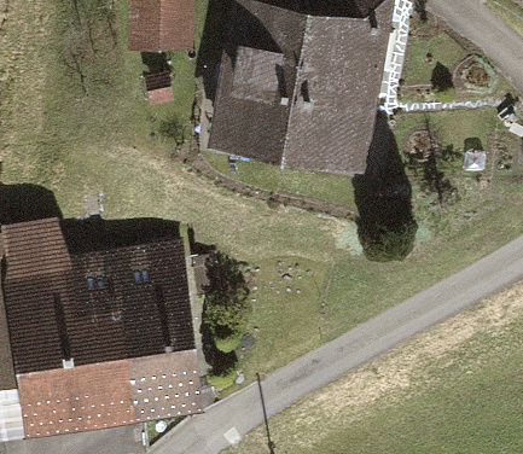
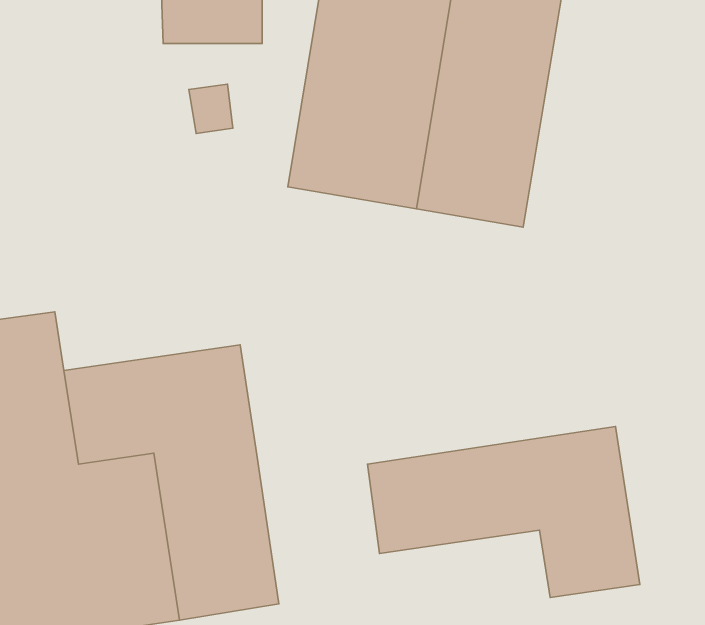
building: none -> [368,427,640,598]

